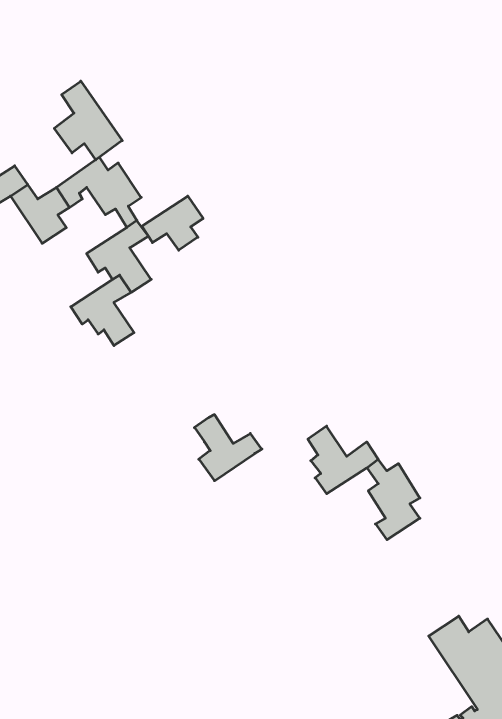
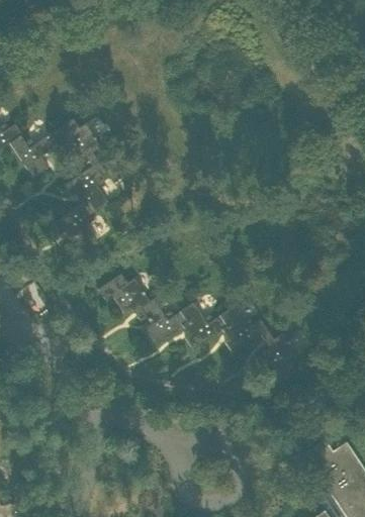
building: [54,81,122,160] -> none
building: [142,196,203,250] -> none
building: none -> [108,274,150,322]
building: none -> [179,302,226,350]

